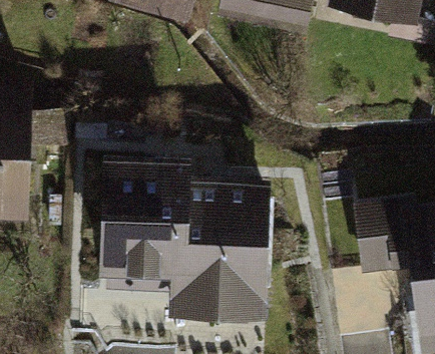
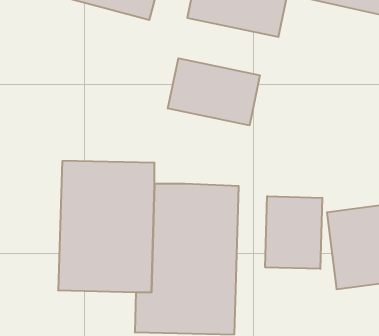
building: none -> [168,58,260,125]
building: none -> [265,196,322,269]

